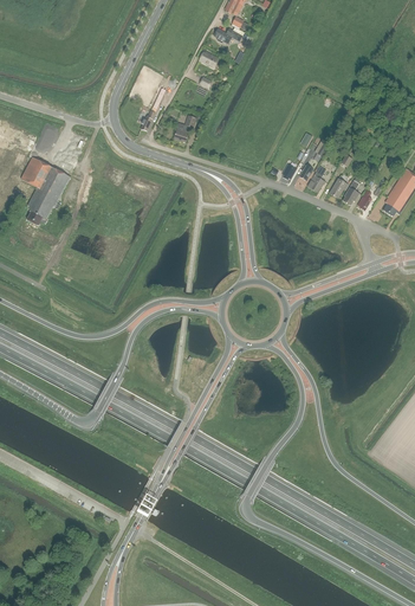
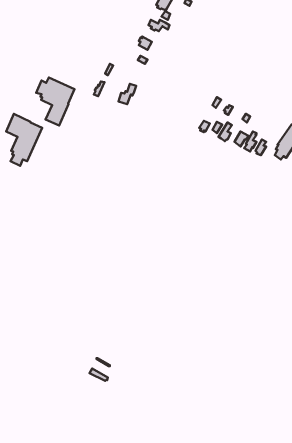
building: none -> [36,77,75,126]

